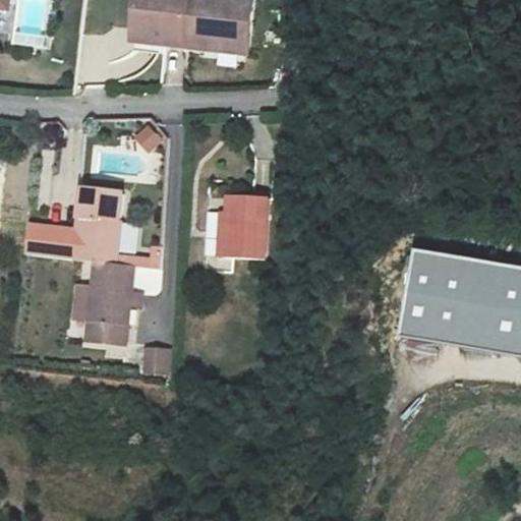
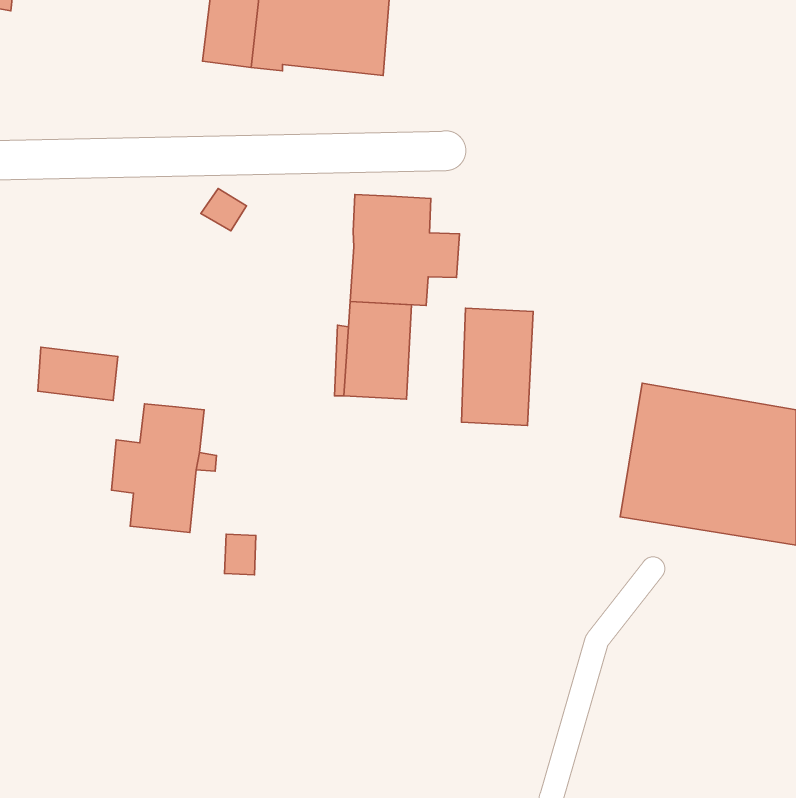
building: none -> [350,194,460,306]
building: [73,189,121,264] -> none
building: none -> [461,308,533,425]

